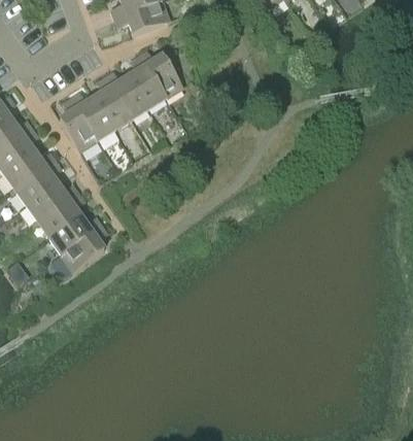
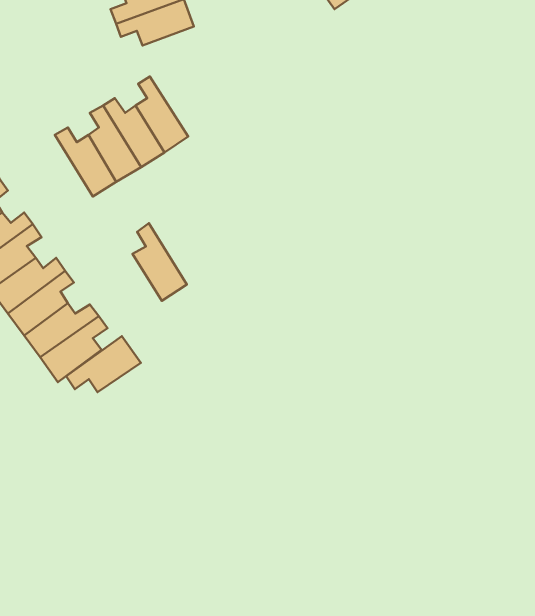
building: [138,48,182,97] -> none
building: [60,96,98,150] -> [133,223,187,301]
building: none -> [66,336,141,392]

